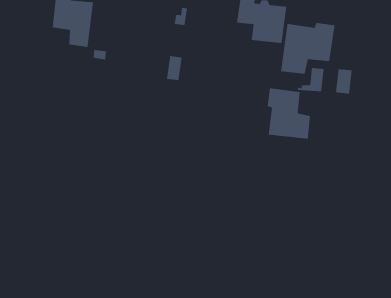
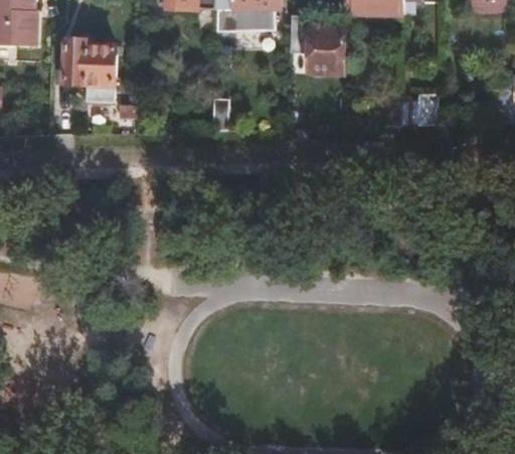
building: [281,22,335,75] -> none
building: [267,88,310,140] -> none

